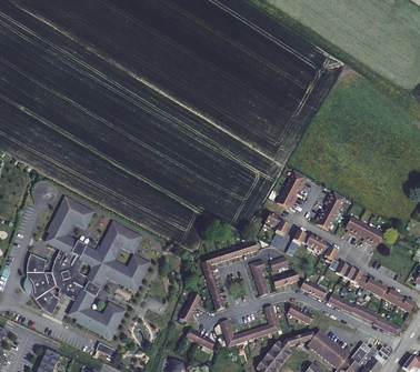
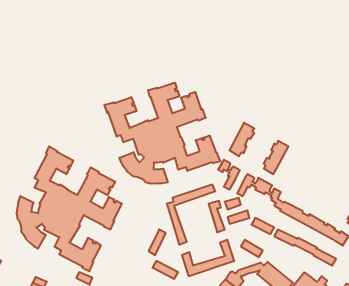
building: none -> [104,83,220,184]
building: [343,215,381,244] -> none

